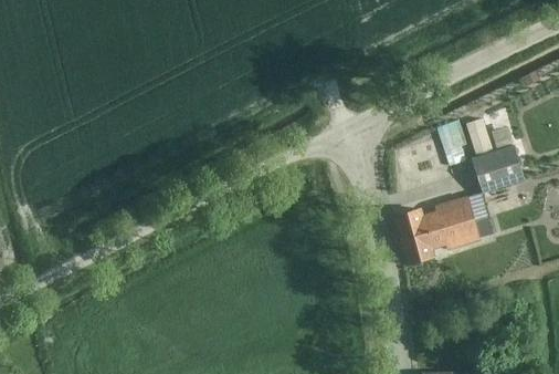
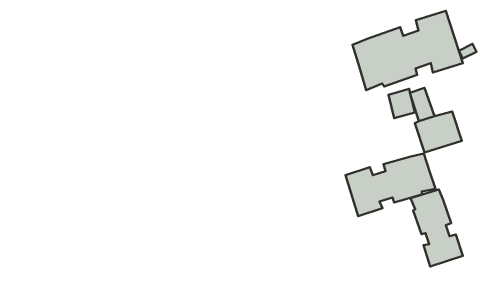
building: none -> [353,11,463,90]
building: none -> [410,189,463,266]

